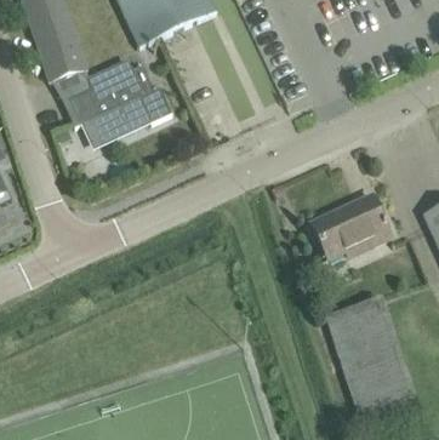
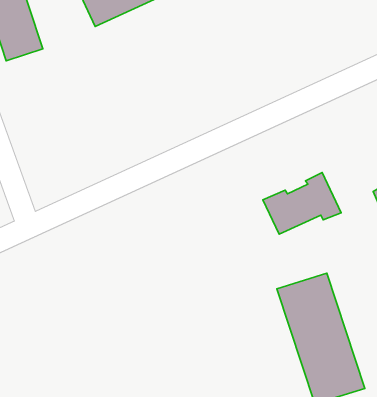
building: [68,59,172,137] -> none

